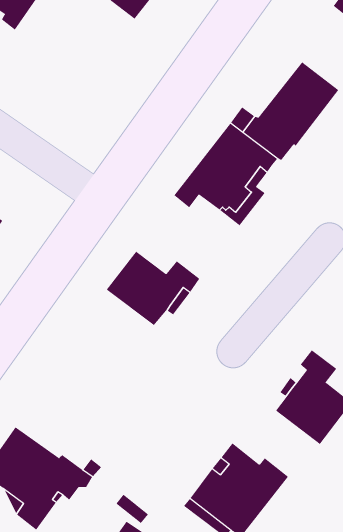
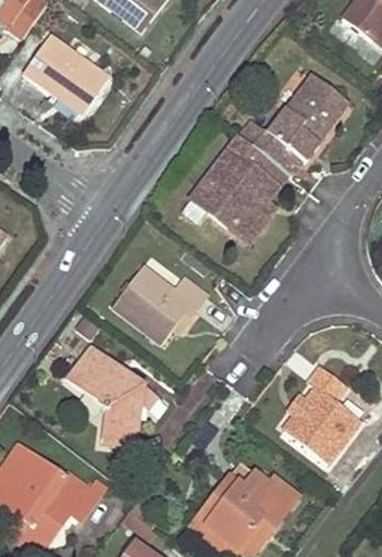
building: none -> [22,36,109,117]
building: none -> [67,344,158,444]

